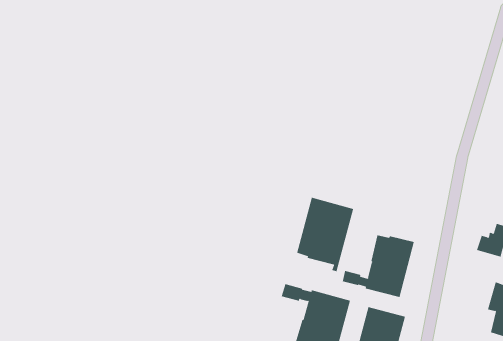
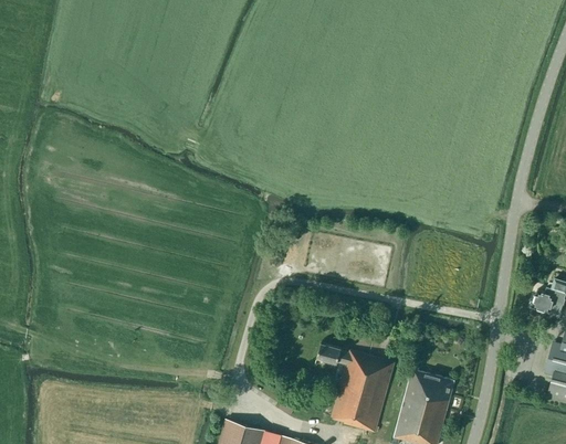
building: [296,197,354,272] -> none
building: [342,234,415,298] -> none

